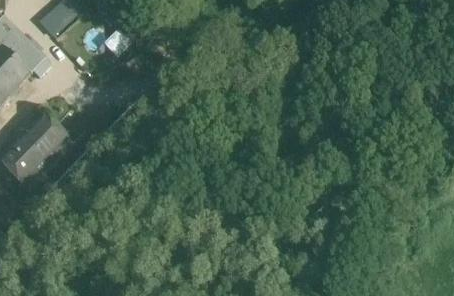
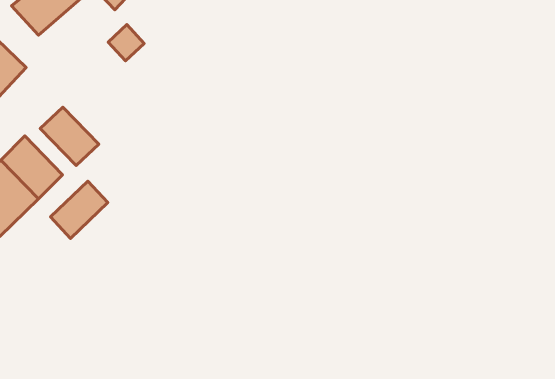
building: none -> [40,107,99,166]
building: none -> [51,181,108,238]

